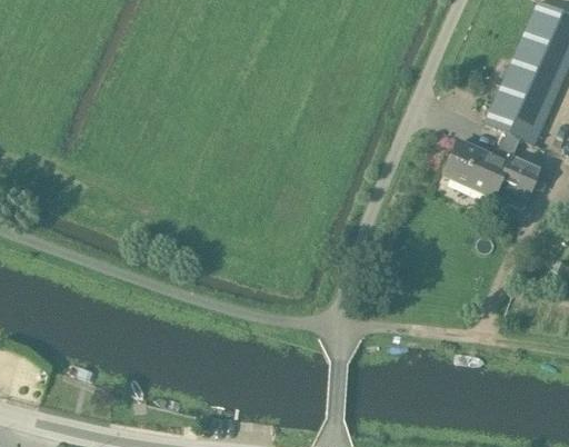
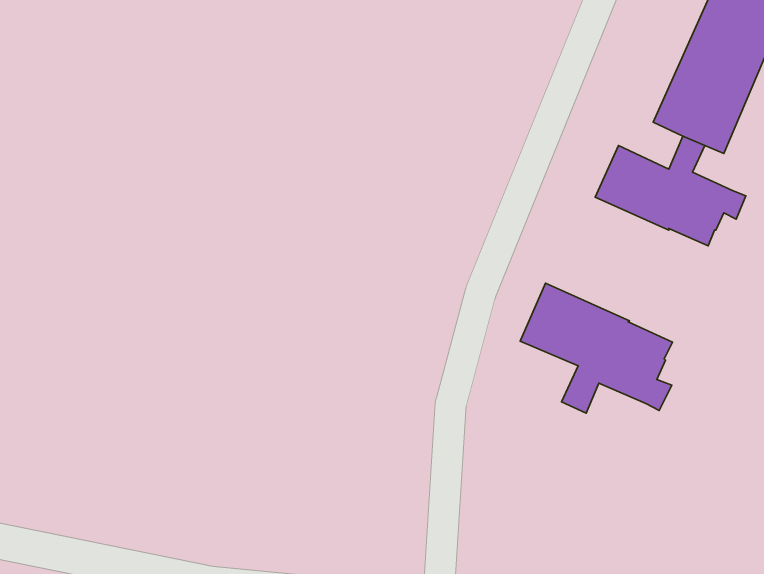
building: none -> [520,283,673,413]

